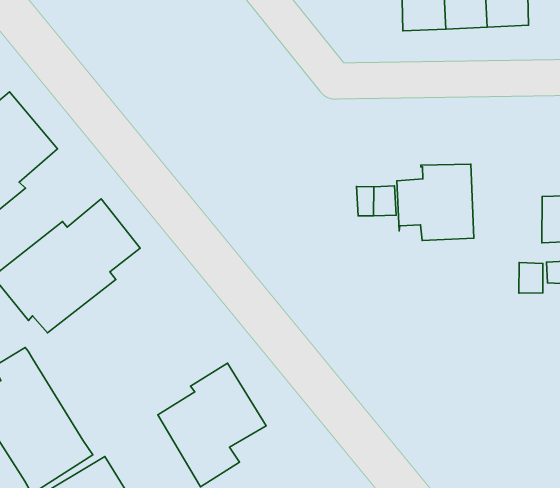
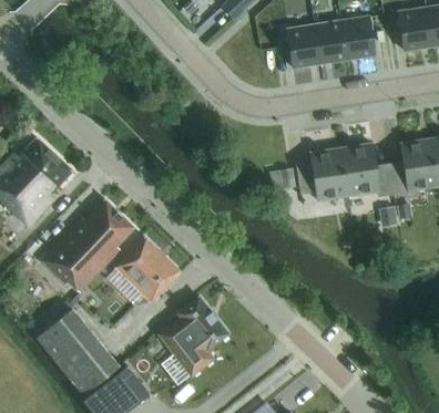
building: none -> [341,143,394,197]
building: none -> [116,238,181,302]

